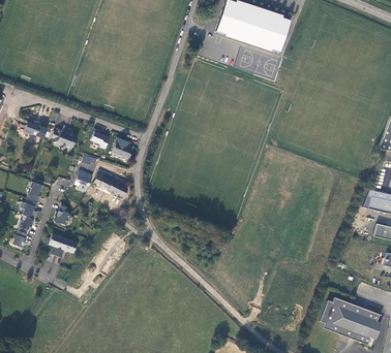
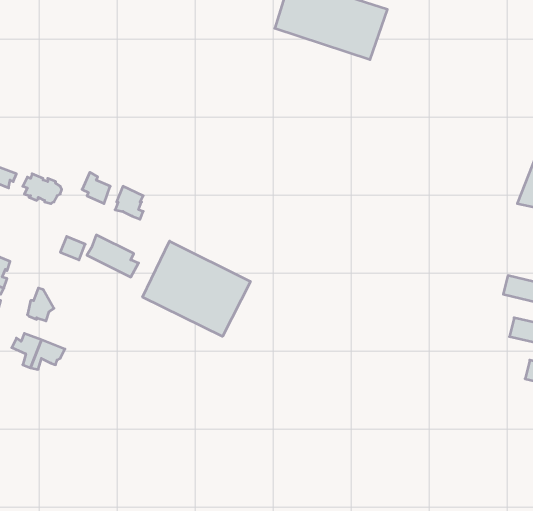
building: none -> [143,241,250,336]
building: [319,296,381,344] -> none

